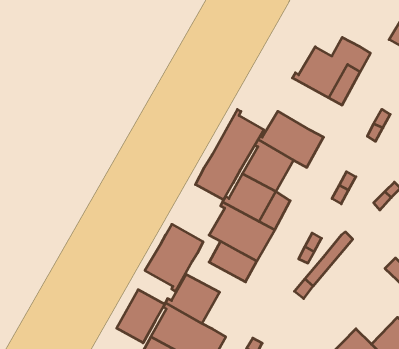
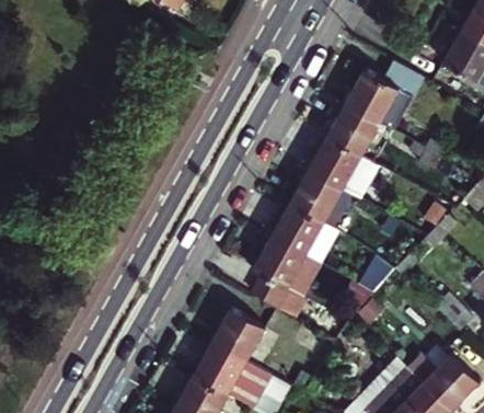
building: none -> [326,103,380,158]
building: [195,109,264,200] -> none
building: [145,224,203,292] -> none
building: [117,290,165,343] -> none

